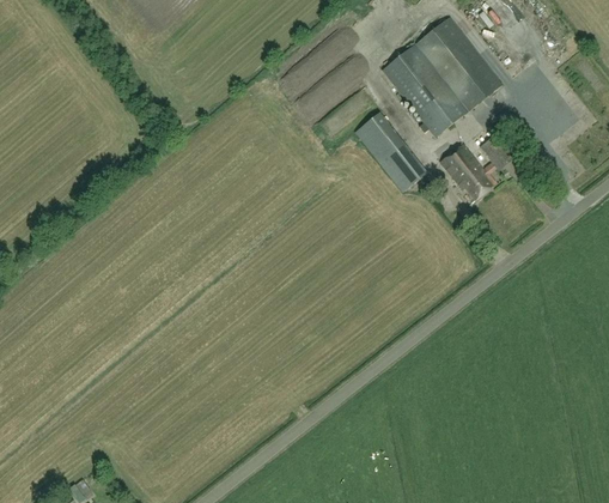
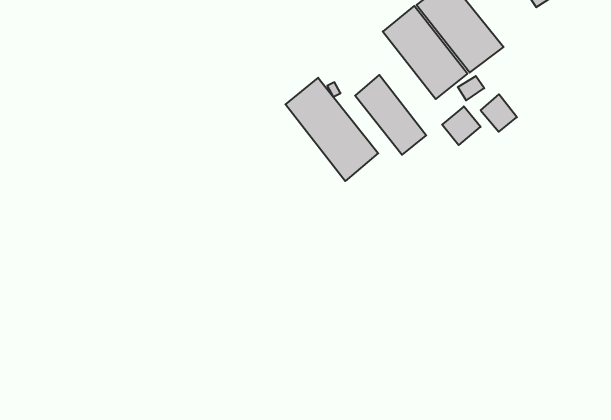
building: none -> [285,78,378,181]
building: [457,164,492,200] -> none

